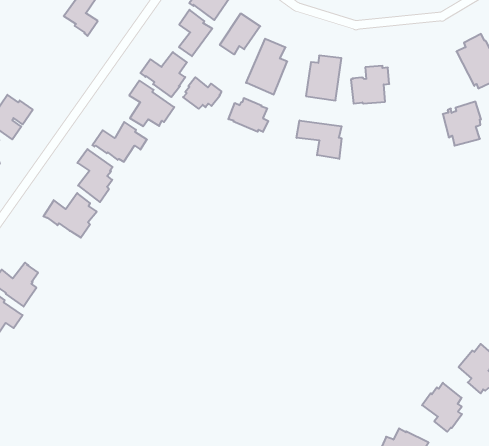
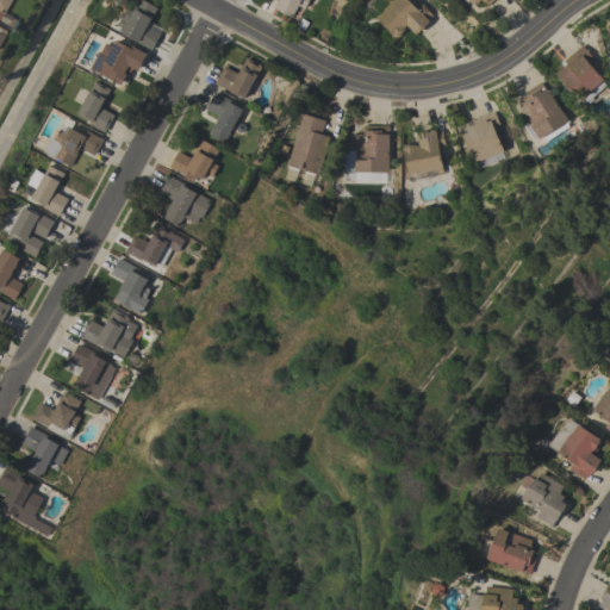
building: [220,13,260,54] -> none
building: none -> [45,117,105,166]
building: none -> [29,164,69,216]
building: [183,77,221,109] -> none
building: [228,98,268,132] -> none
building: [443,102,481,146] -> [460,111,504,162]
building: [297,120,342,159] -> none
building: none -> [69,343,116,400]

